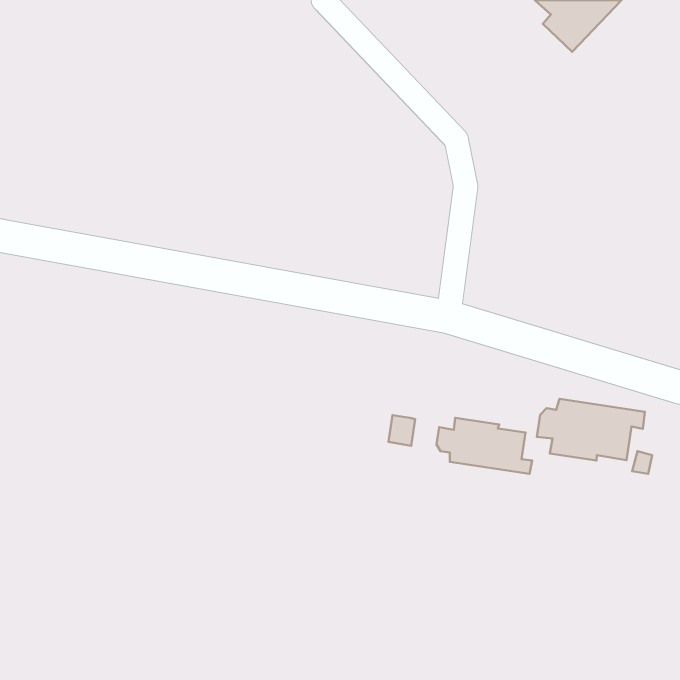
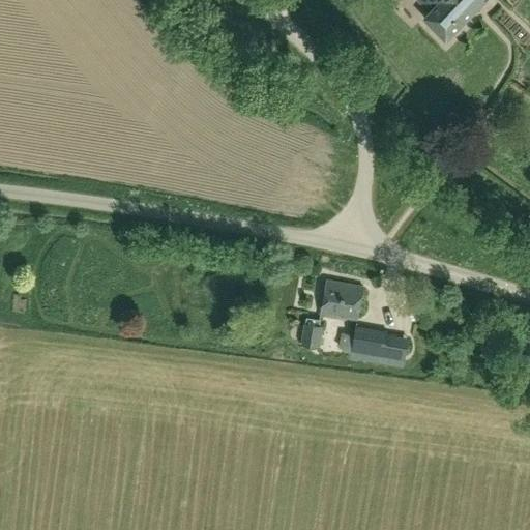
building: none -> [321,281,363,320]
building: [537,399,645,461] -> none

